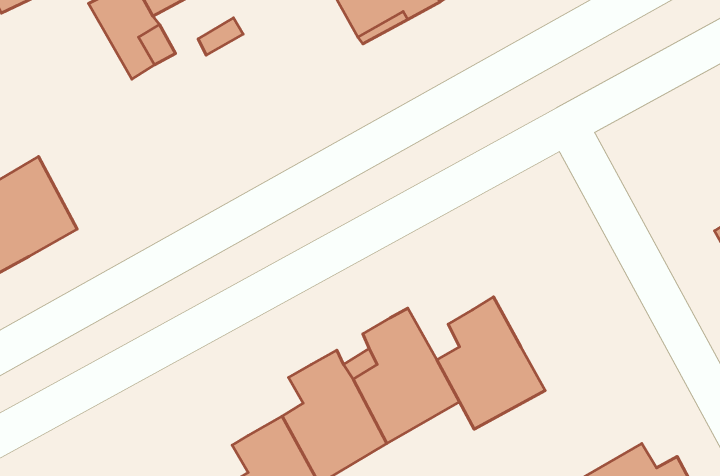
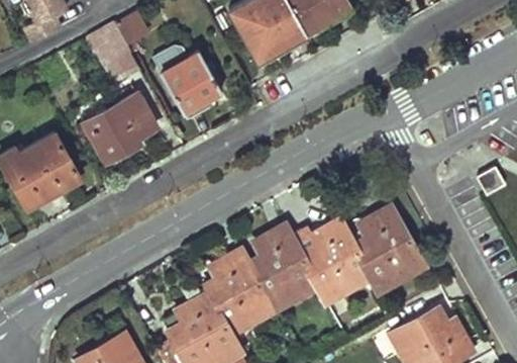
building: none -> [161,49,220,111]
building: none -> [85,92,157,155]
building: none -> [356,208,423,291]

